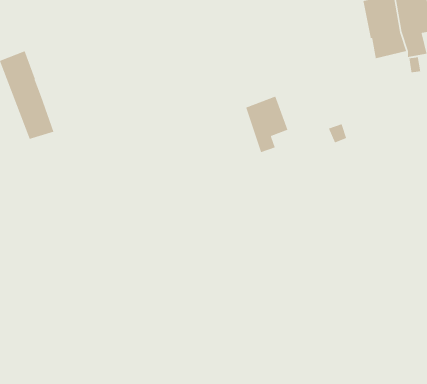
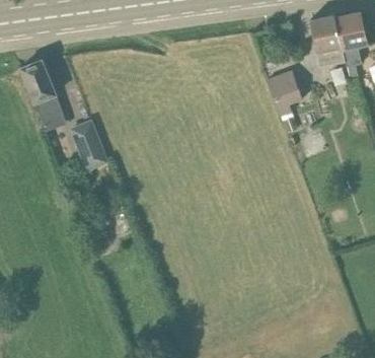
building: [245,96,289,153] -> [268,72,302,118]
building: none -> [71,121,108,171]

